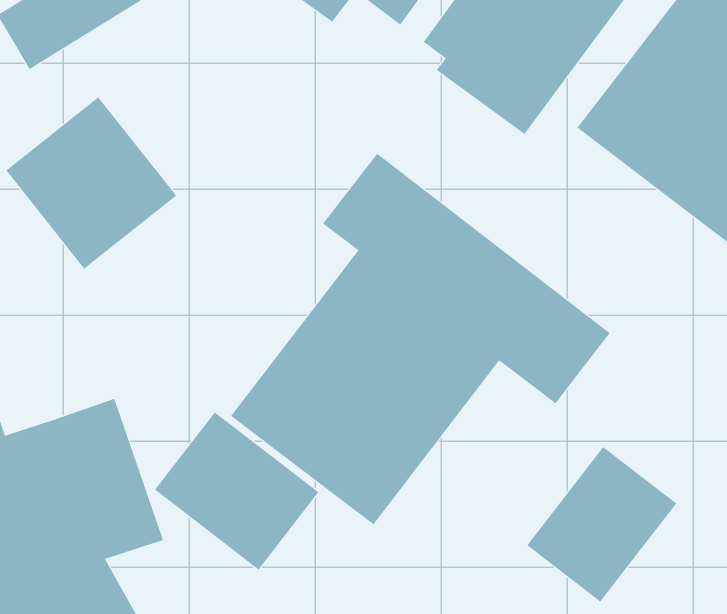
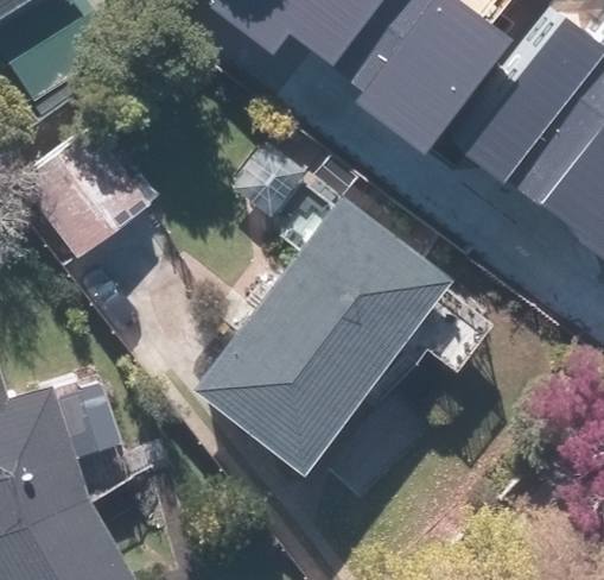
building: [154,411,319,571] -> none
building: [526,446,677,603] -> none

